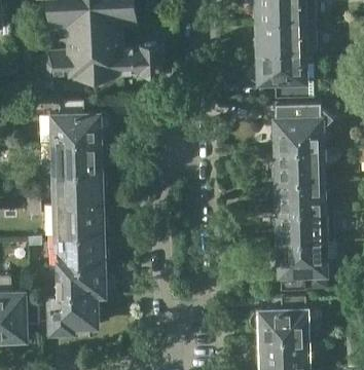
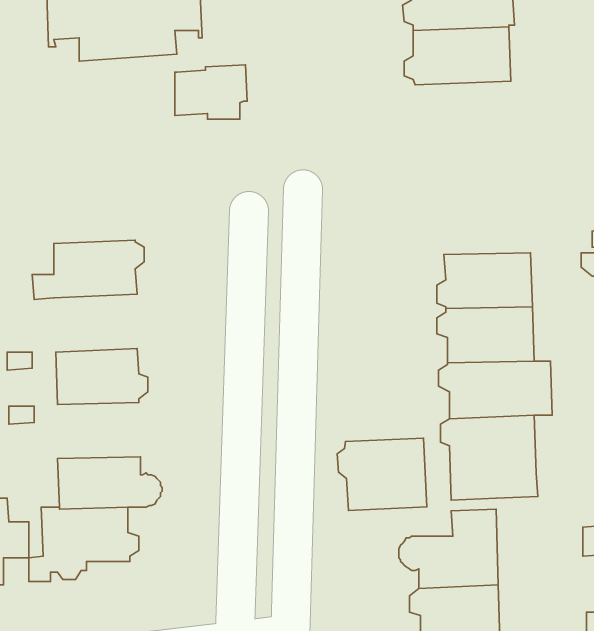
building: [41,38,123,79] -> none
building: [248,53,315,98] -> none
building: [52,101,110,146] -> none
building: [270,105,336,152] -> none
building: [53,175,106,208] -> none
building: [56,236,108,268] -> none
building: none -> [337,438,427,510]

